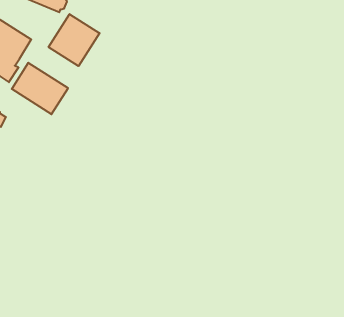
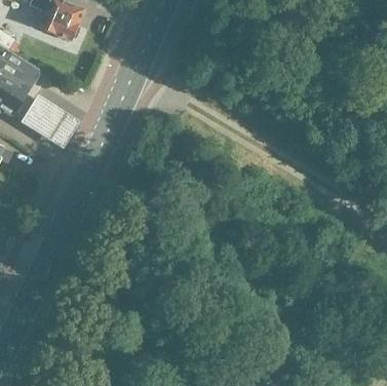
building: [49,14,100,66] -> none

